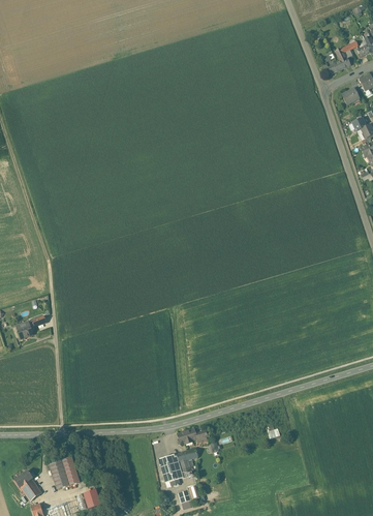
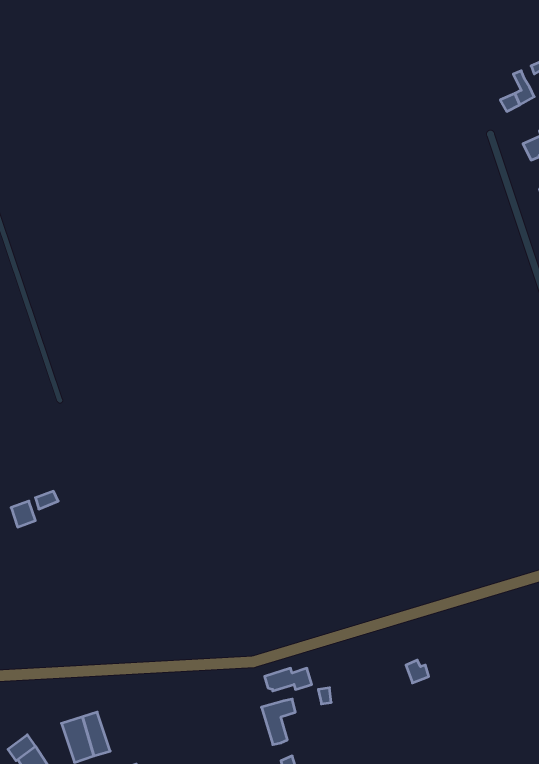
building: [158,453,183,482] -> none

